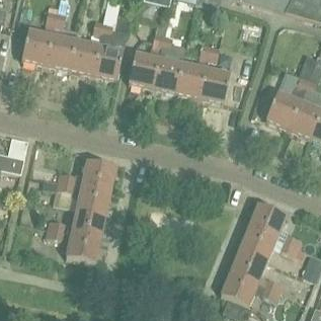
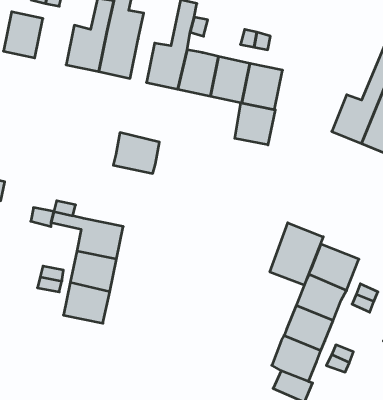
building: [45,35,74,70] -> none
building: none -> [235,103,275,145]
building: [81,160,115,190] -> [113,133,159,173]
building: none -> [270,223,323,285]

